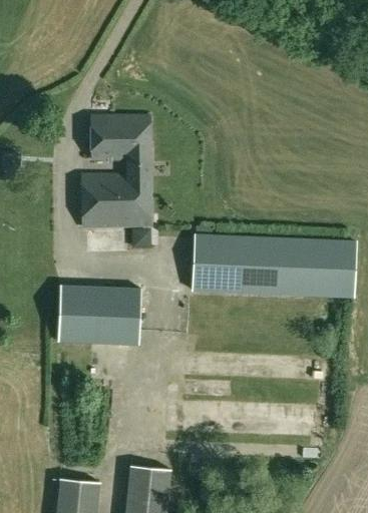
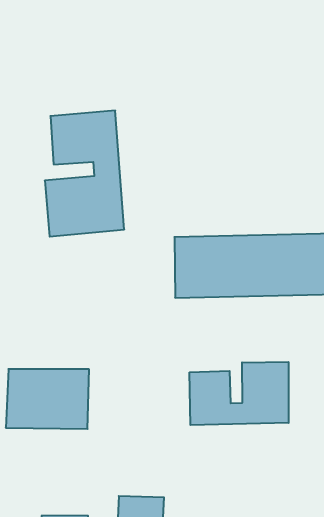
building: [63,282,142,341] -> [6,369,89,429]
building: none -> [190,362,289,425]

